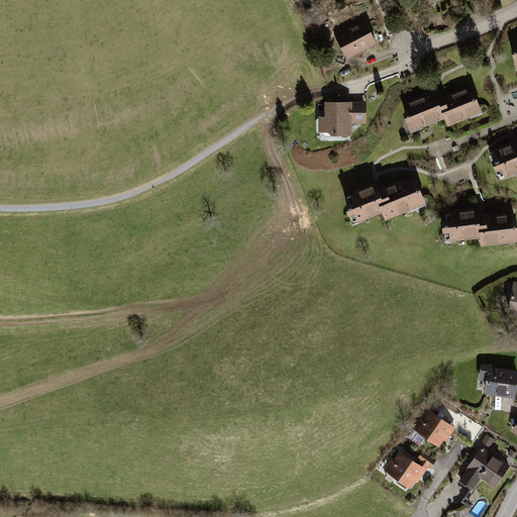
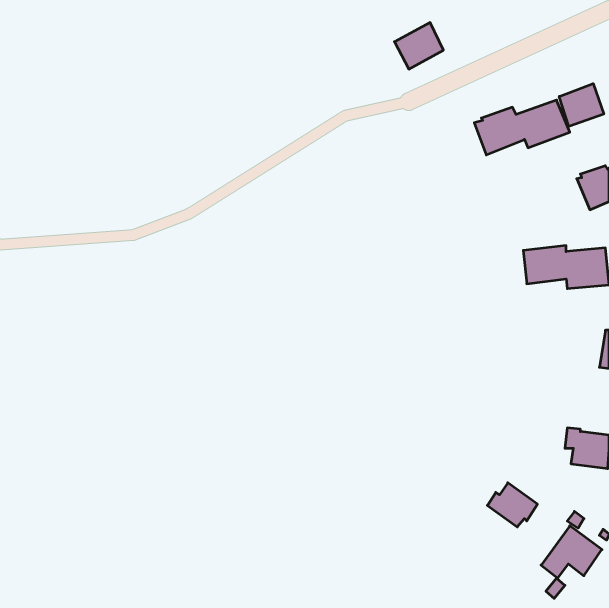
building: none -> [559,84,604,126]
building: [318,102,368,136] -> none
building: [344,180,426,222] -> none
building: [384,451,436,490] -> none

